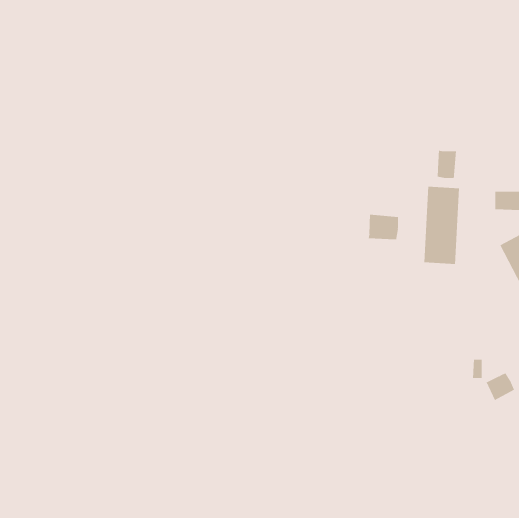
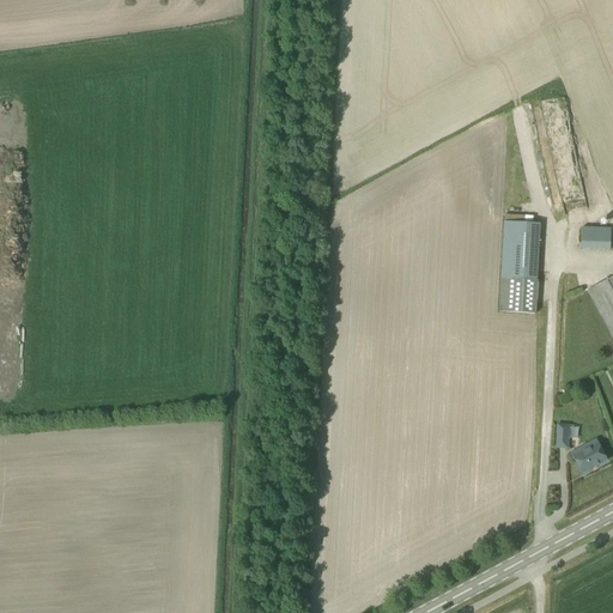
building: [437,150,457,179] -> none
building: [368,214,398,240] -> none

